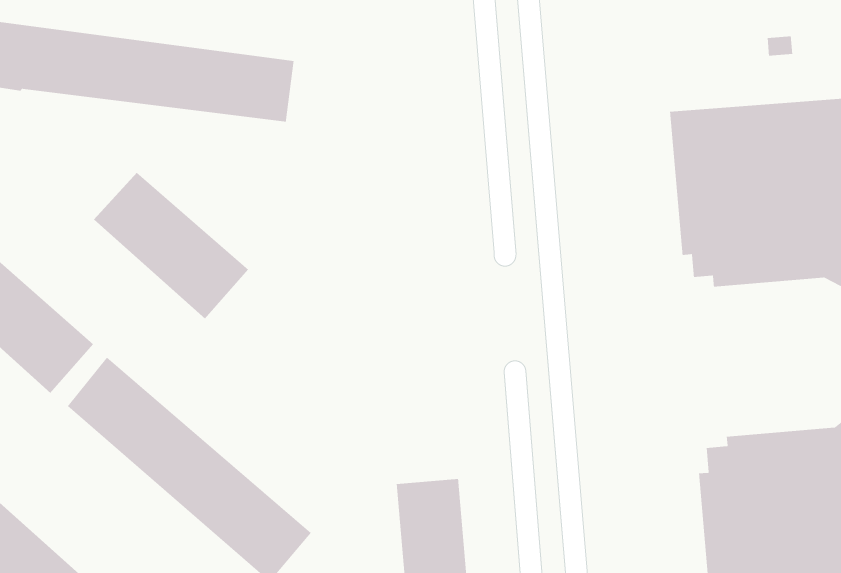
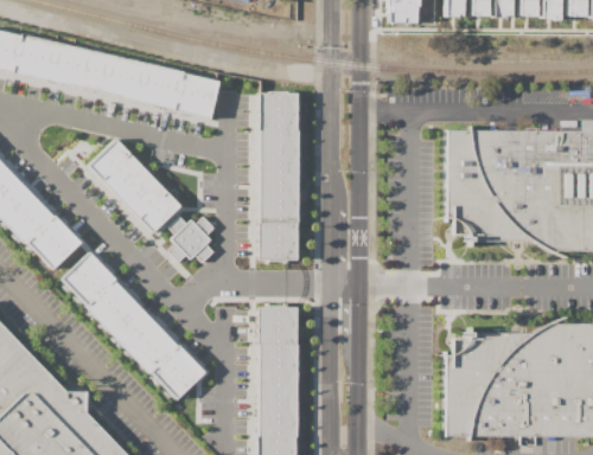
building: none -> [259,91,300,262]
building: none -> [170,216,216,263]
building: none -> [257,305,296,345]

